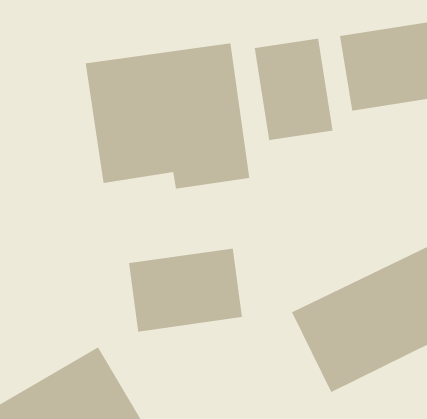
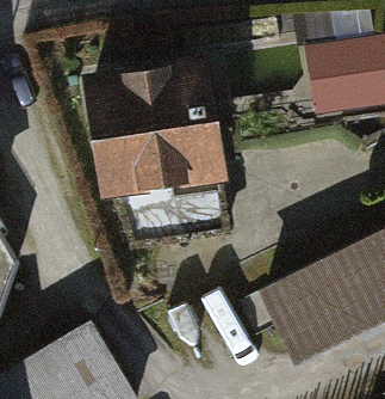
building: [254,38,333,141] -> none
building: [128,248,242,332] -> none

